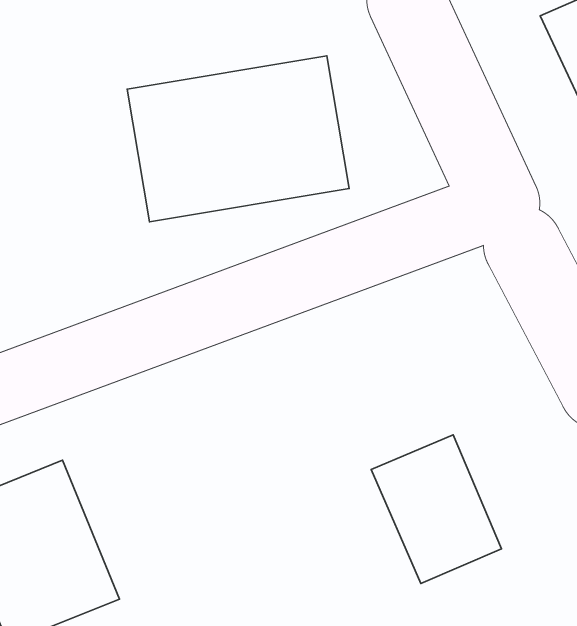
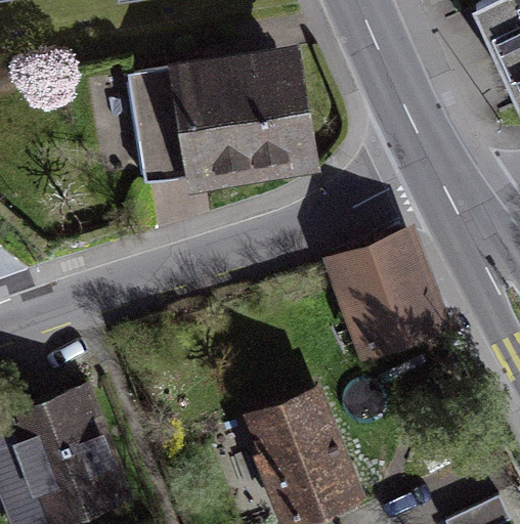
building: none -> [326,236,444,363]
building: [371,435,501,584] -> [255,387,362,510]

